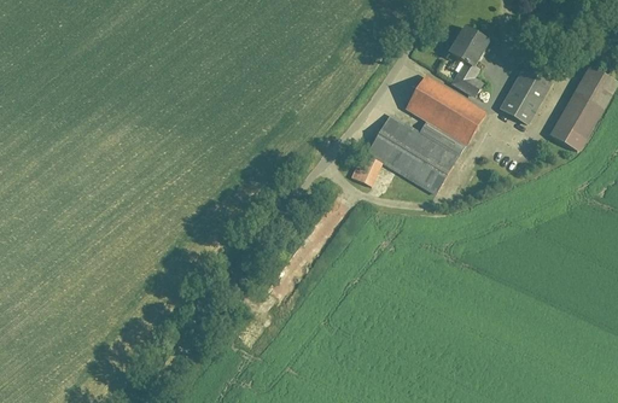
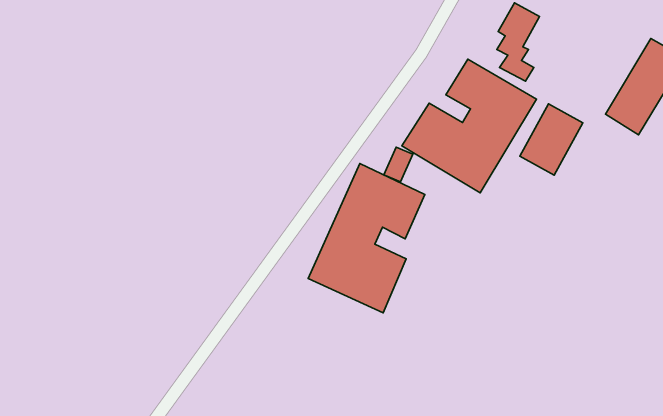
building: [496,56,552,118] -> [520,104,583,175]
building: none -> [308,163,425,313]

